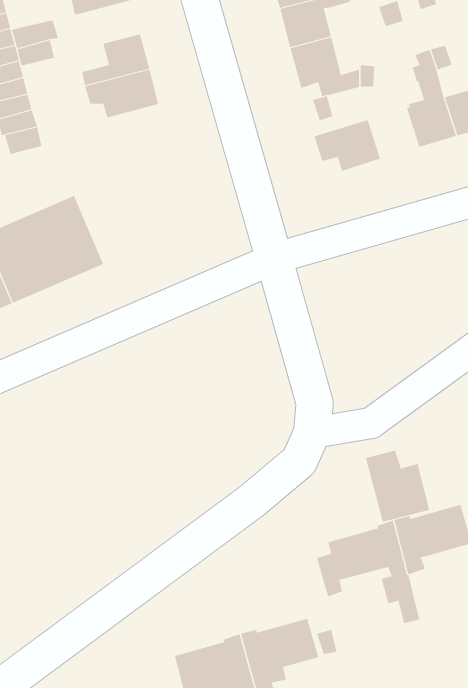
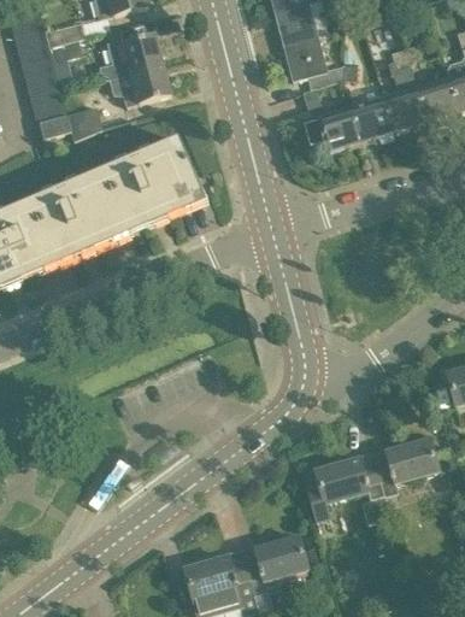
building: none -> [349,98,393,141]
building: none -> [66,106,102,141]
building: none -> [98,139,202,231]
building: [365,450,430,523] -> none

